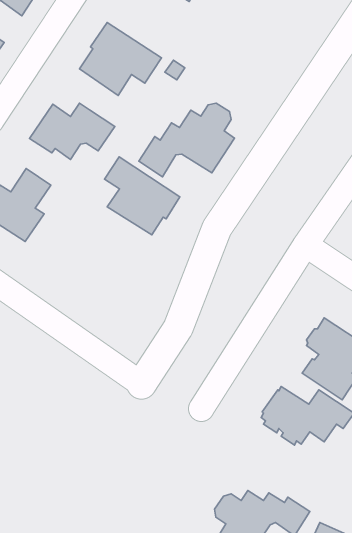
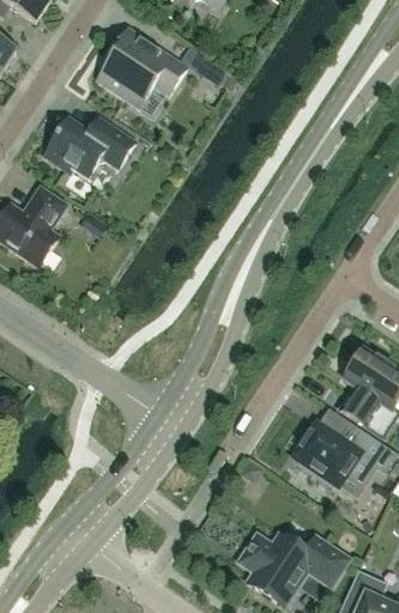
building: [139,103,234,177] -> none
building: [104,157,180,235] -> none

